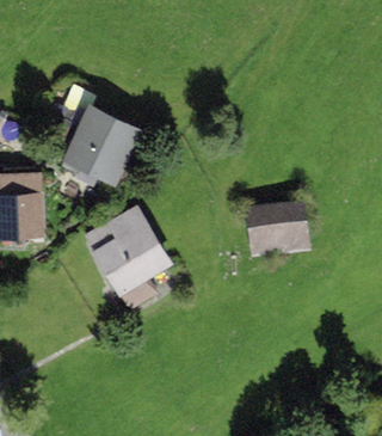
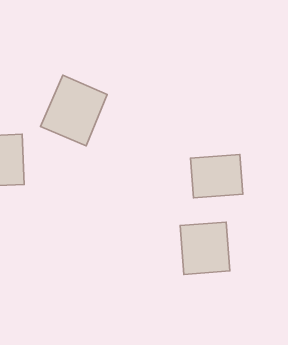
building: [81,203,173,299] -> none
building: none -> [180,222,230,275]

